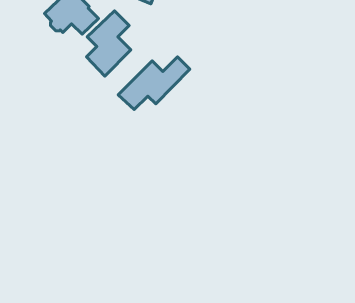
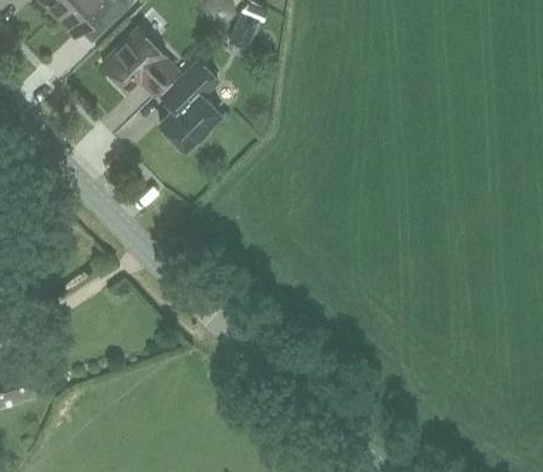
building: [118,57,190,110] -> none

